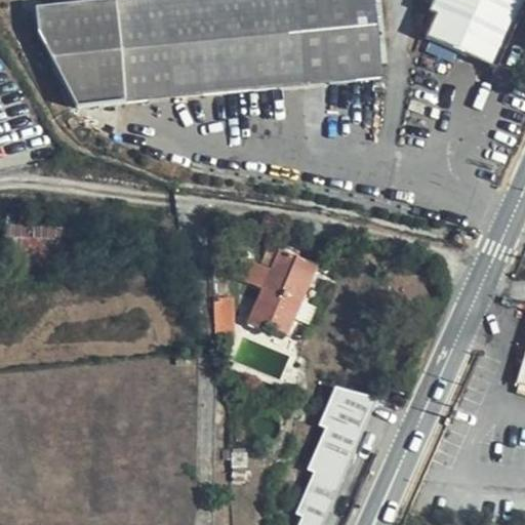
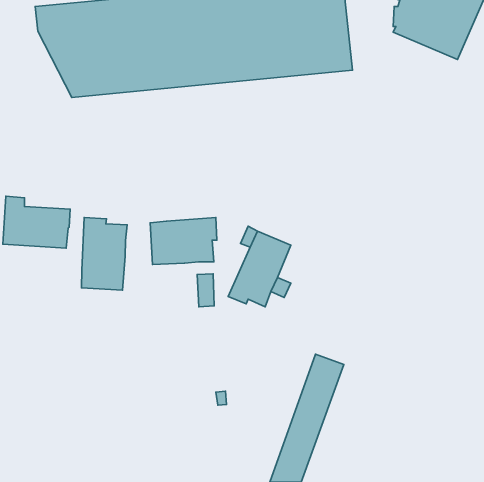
building: none -> [81,217,127,290]
building: none -> [150,217,217,265]

